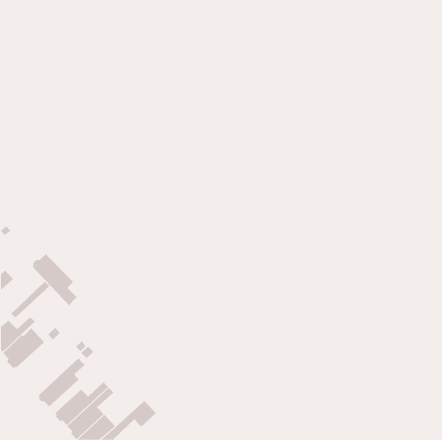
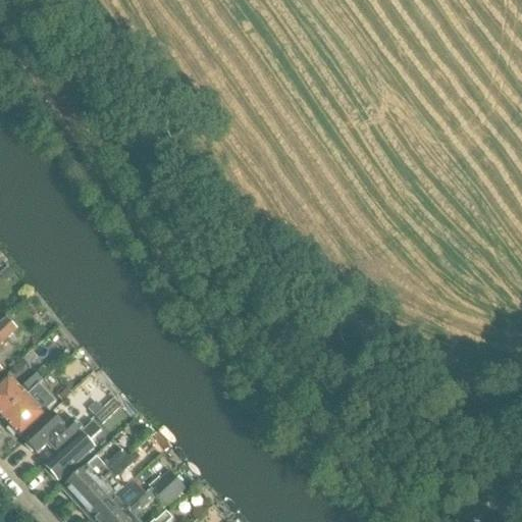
building: [32,254,78,306] -> none
building: none -> [22,412,82,454]

